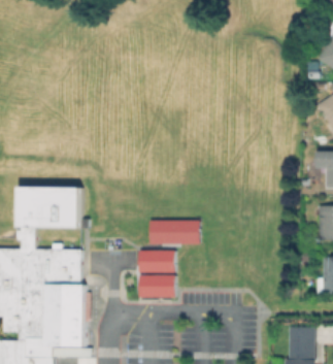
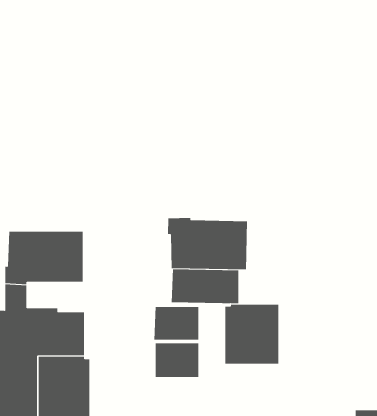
building: none -> [168,217,247,270]
building: none -> [225,304,279,364]

